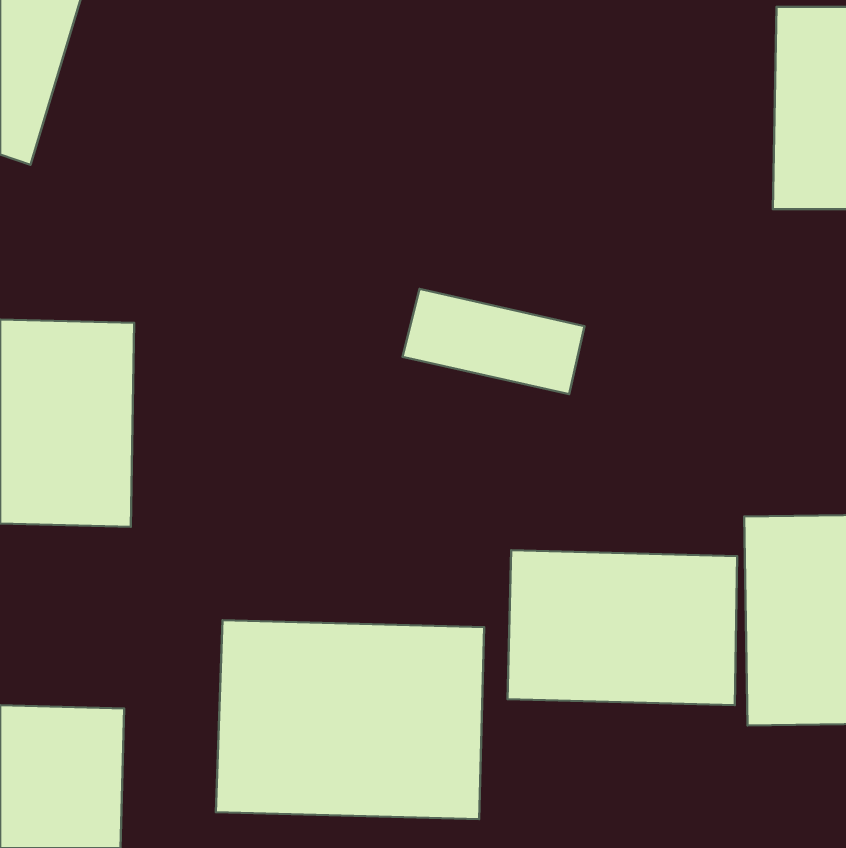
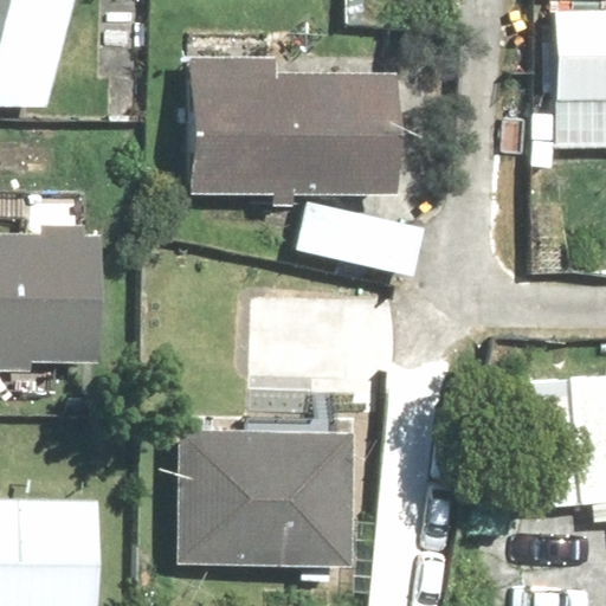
building: none -> [183,63,394,198]
building: [507,550,737,705] -> none

